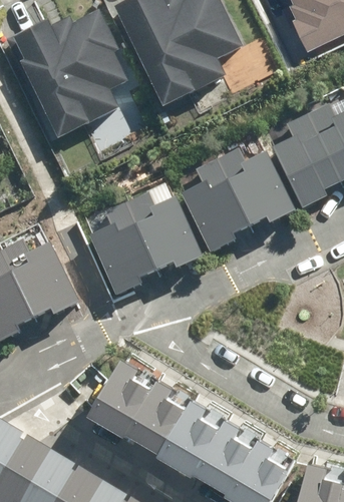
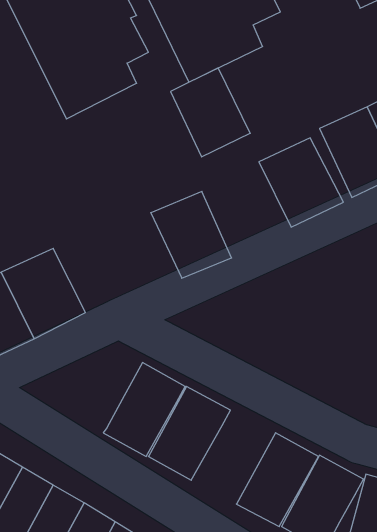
building: [181,175,248,250] -> [171,68,250,157]
building: [89,218,155,293] -> none
building: [164,384,234,464] -> none

